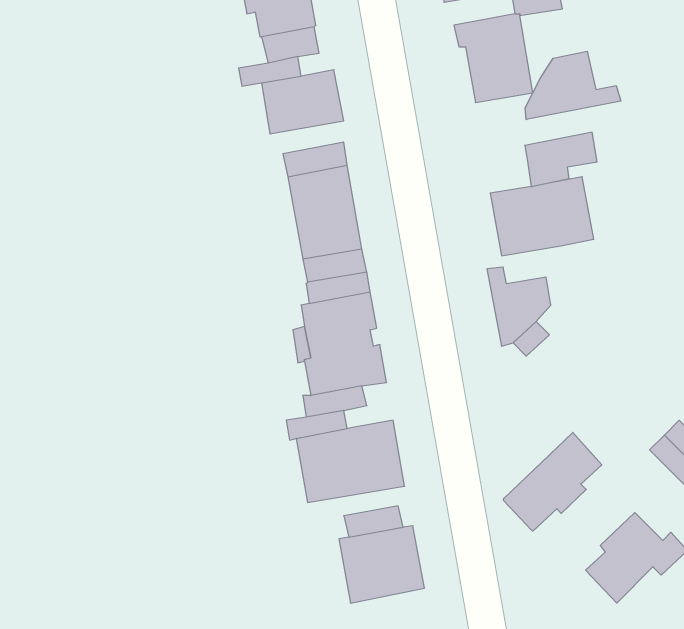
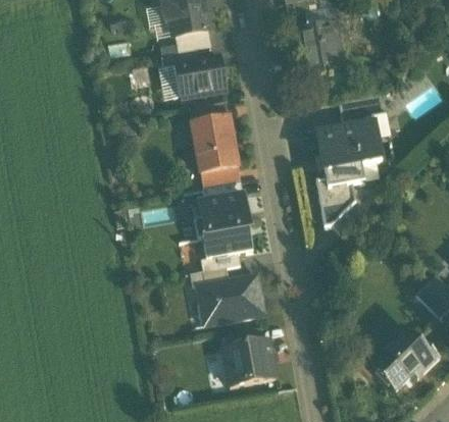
building: [525,51,621,120] -> none
building: none -> [325,167,364,191]
building: [504,432,602,531] -> none

